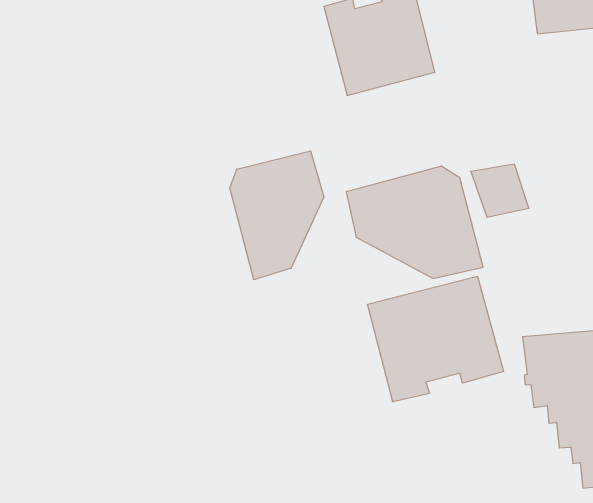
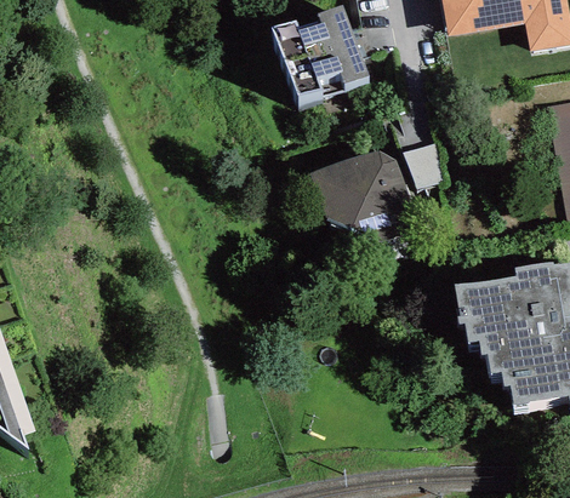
building: [230,151,324,280] -> none
building: [368,276,504,402] -> none

